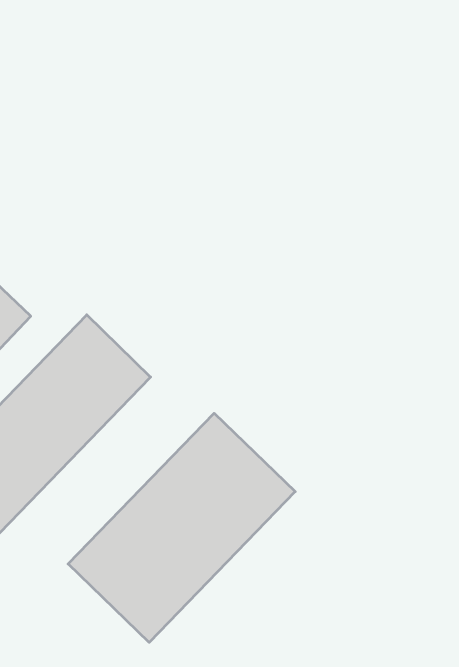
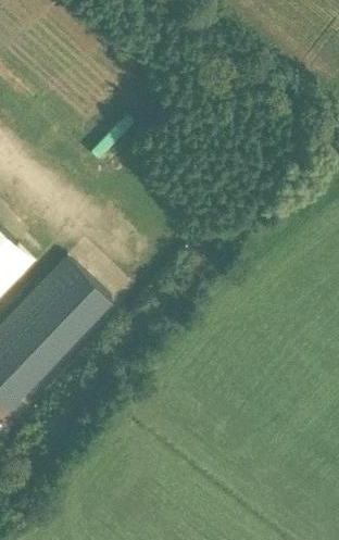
building: [68,413,295,642] -> none

